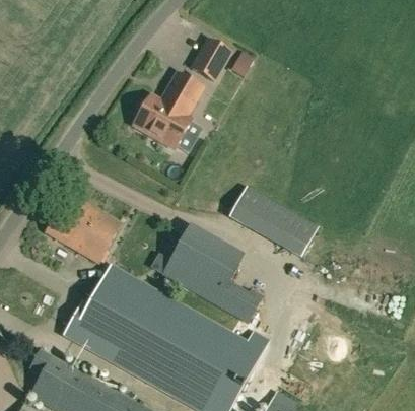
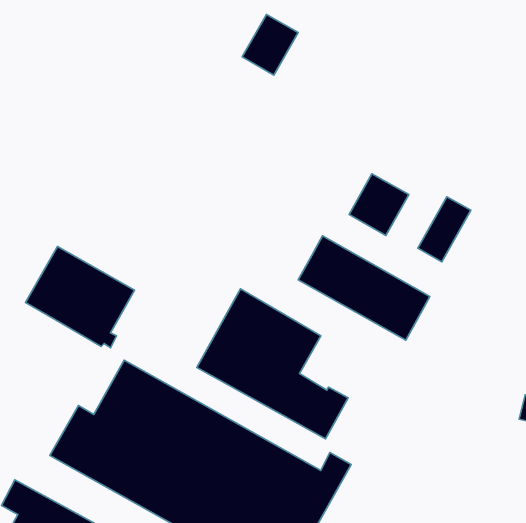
building: [135,74,203,148] -> none
building: none -> [349,174,409,235]
building: none -> [418,197,471,262]

